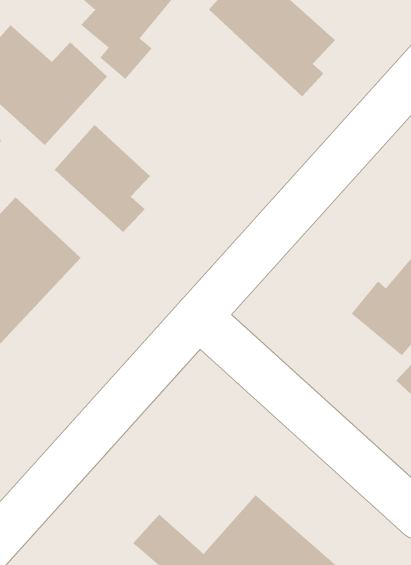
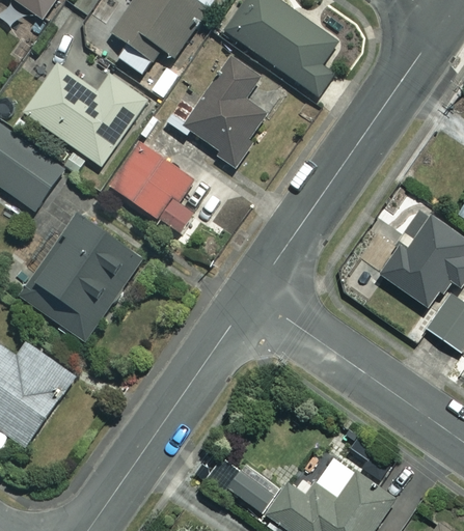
building: none -> [186,59,281,160]

